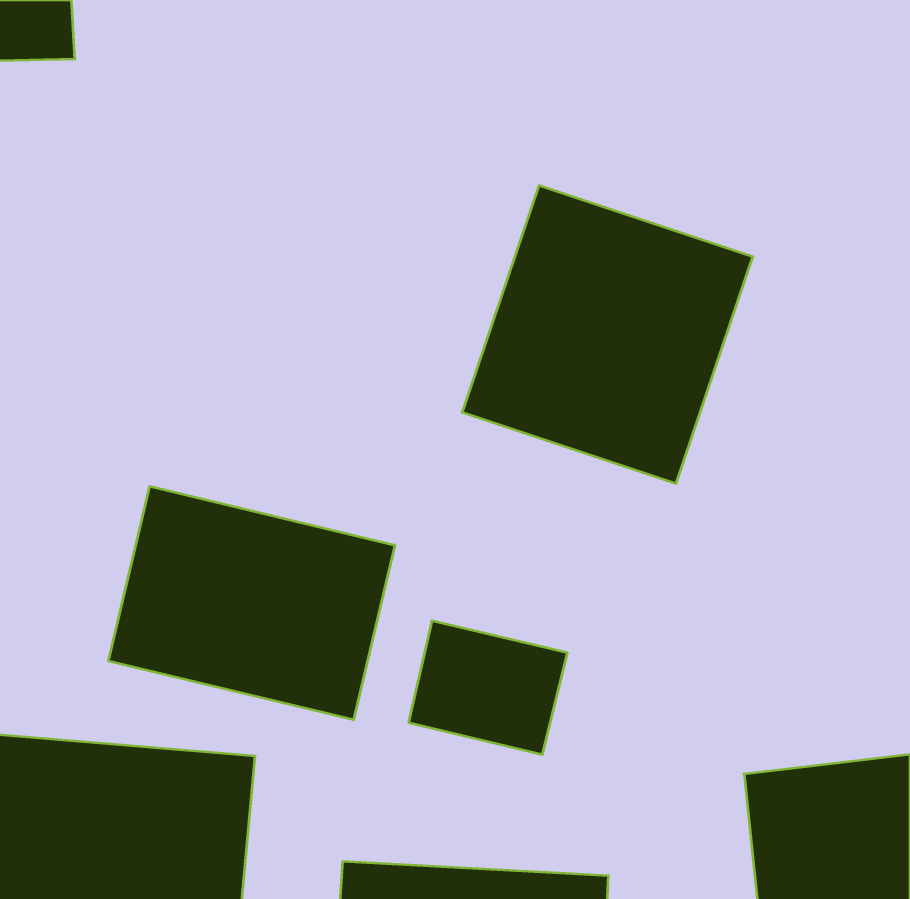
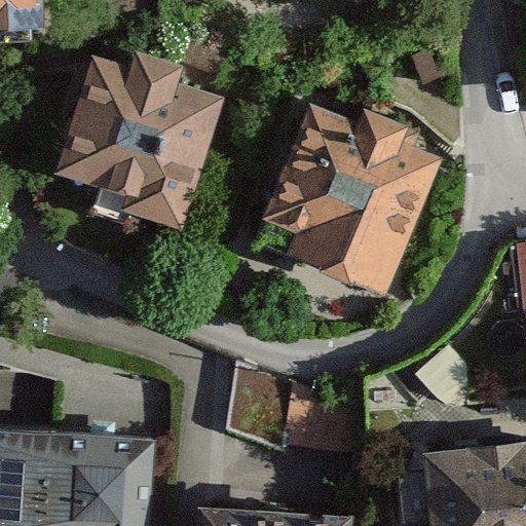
building: none -> [52,45,223,226]
building: [109,486,395,720] -> none

